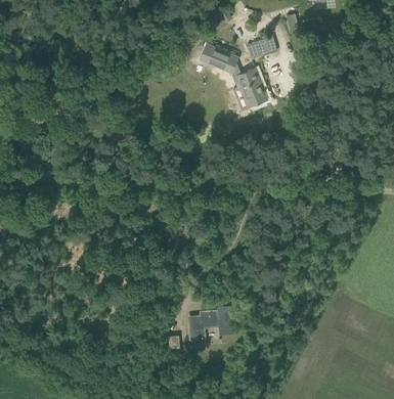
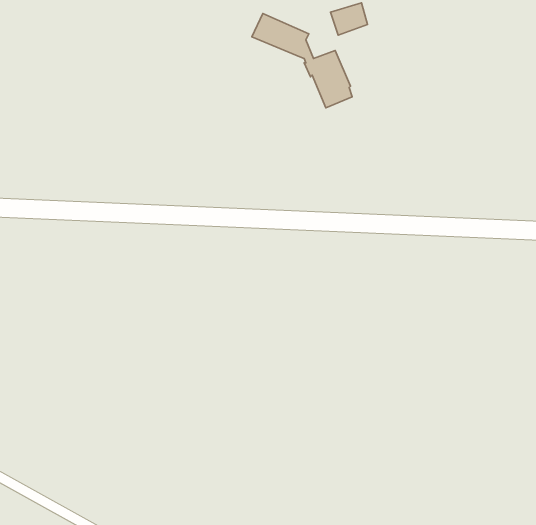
building: [189,304,234,345] -> none

